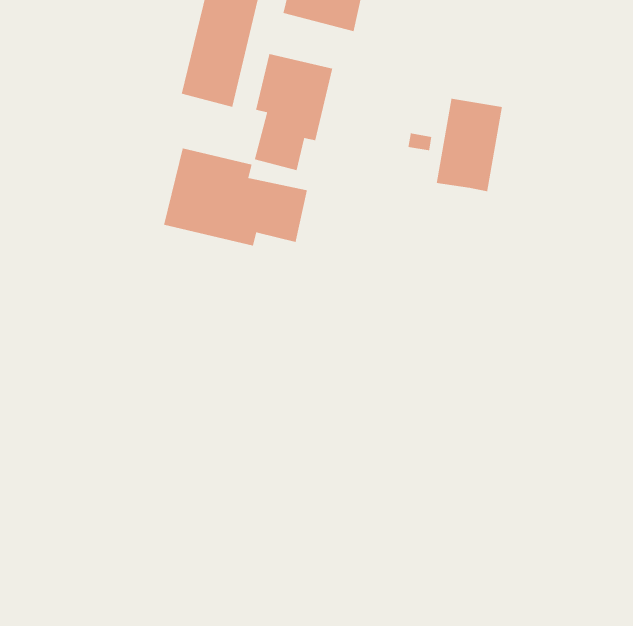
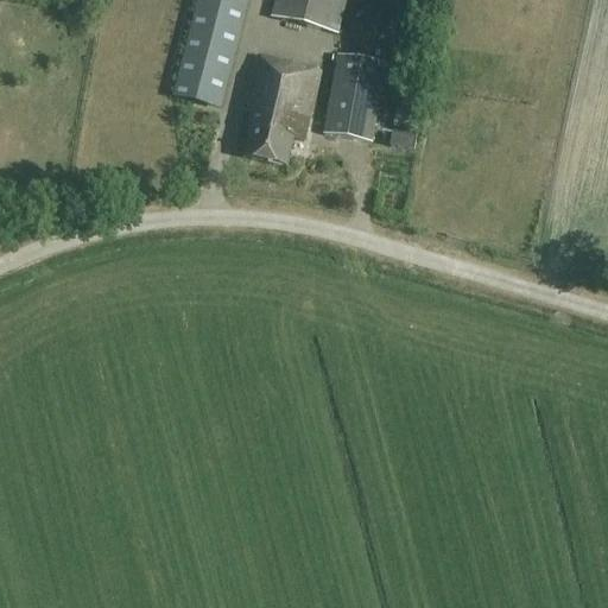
building: [436,98,503,192] -> [323,50,387,140]
building: [163,147,308,246] -> none

